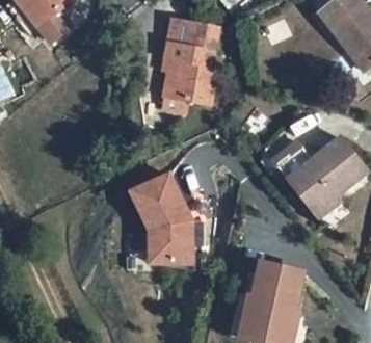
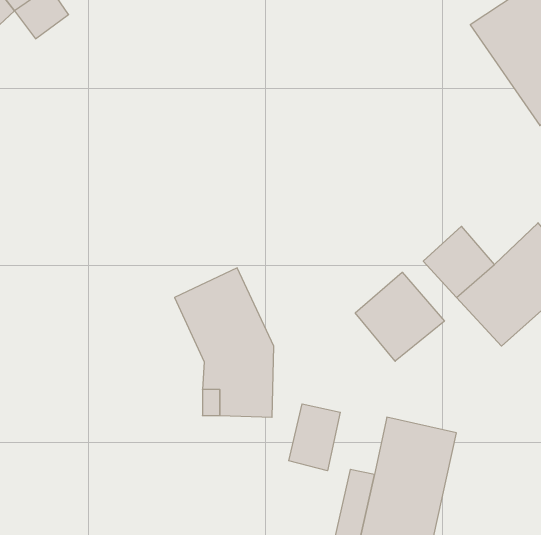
building: [160,22,215,112] -> none
building: none -> [355,272,444,361]
building: none -> [289,404,340,471]

